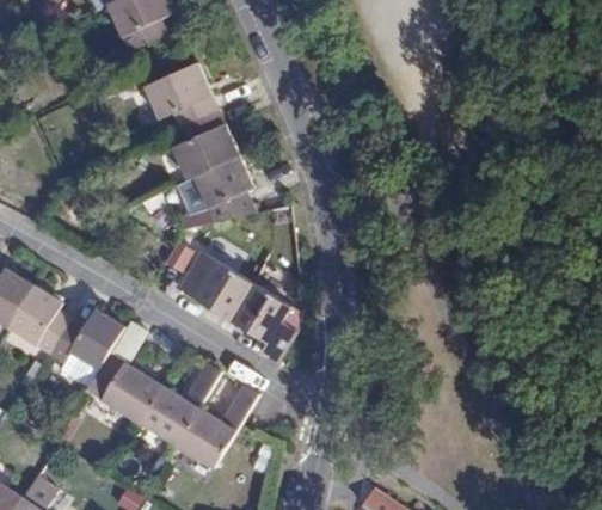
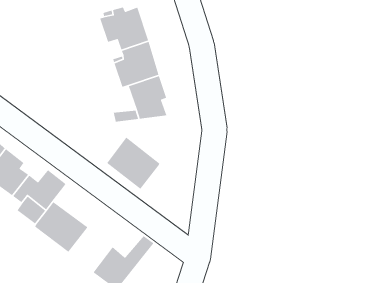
building: [229,281,296,364] -> none
building: [139,362,220,446] -> none

